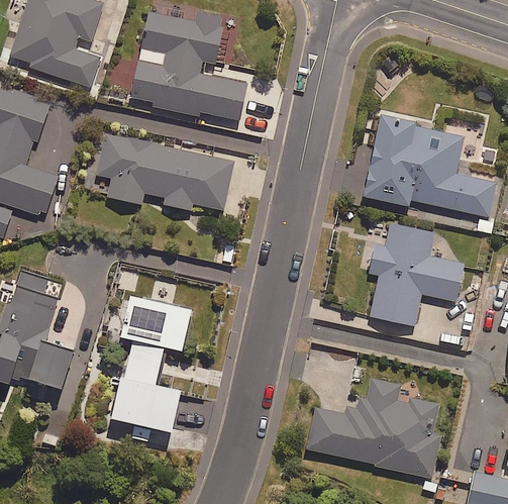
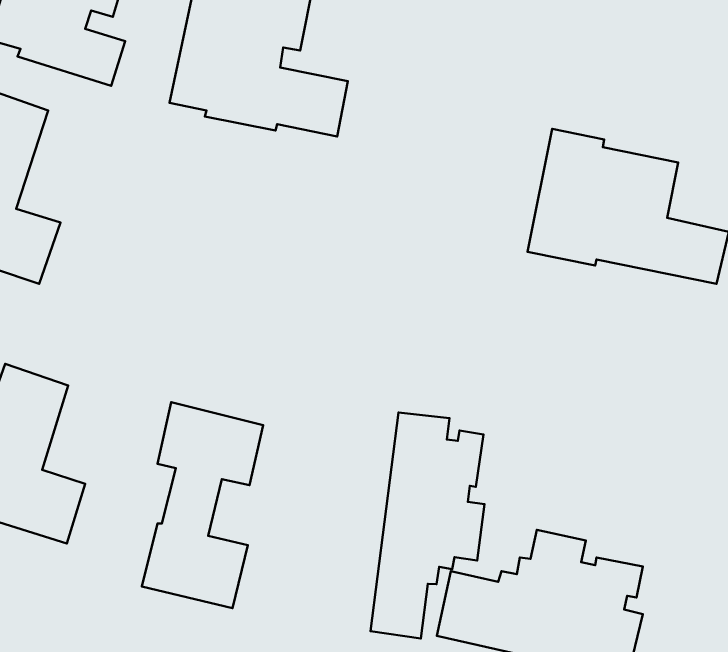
building: [97,133,234,211] -> none
building: [370,223,464,325] -> none
building: none -> [370,413,485,638]

